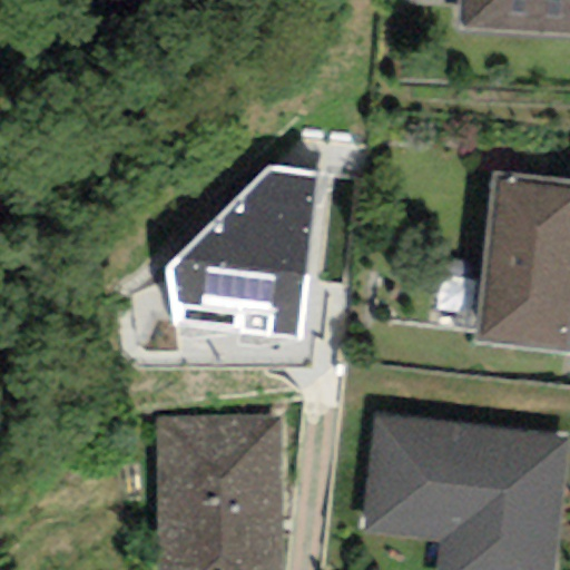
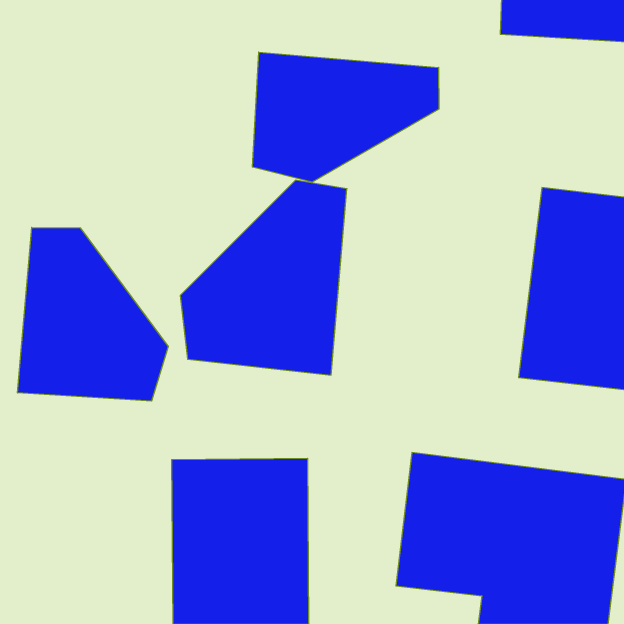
building: none -> [252,52,439,182]
building: none -> [18,227,168,401]

